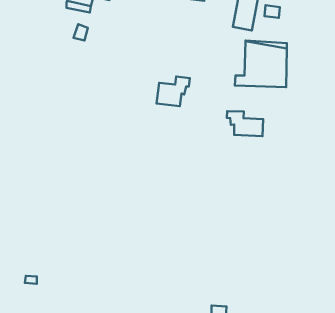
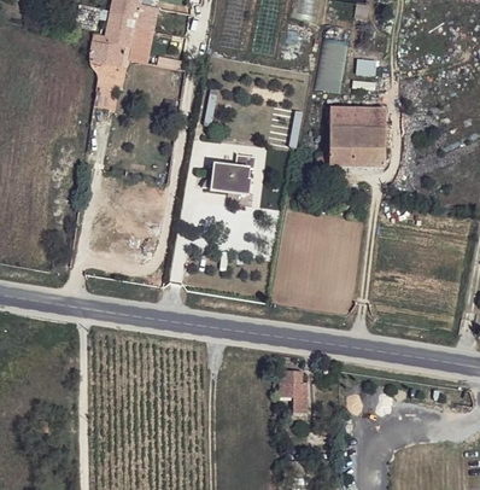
building: [227,111,263,136] -> none
building: none -> [280,368,308,412]

